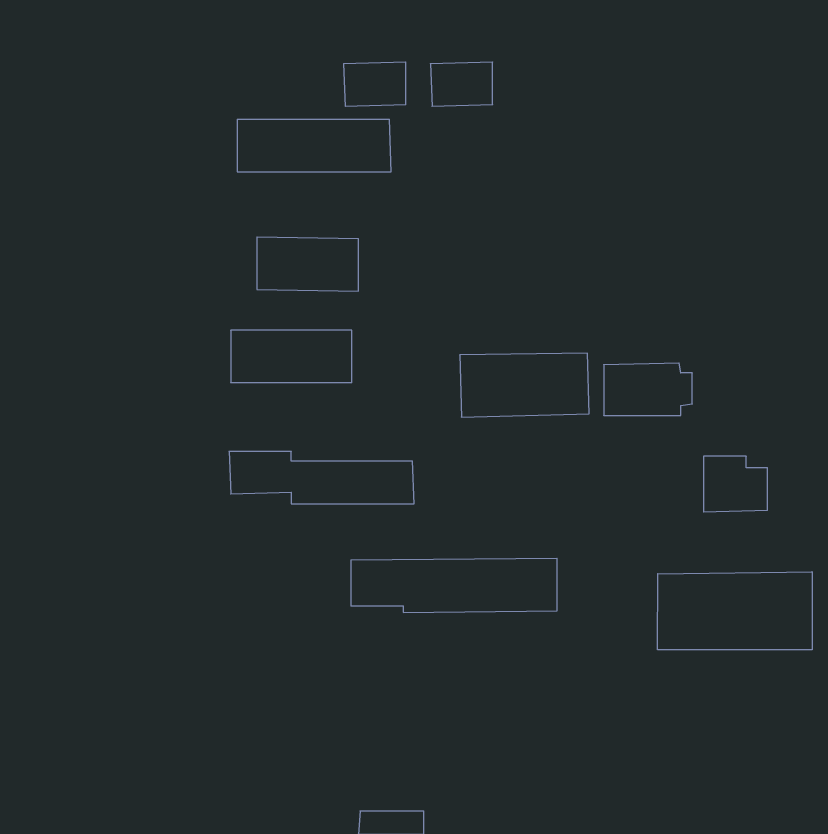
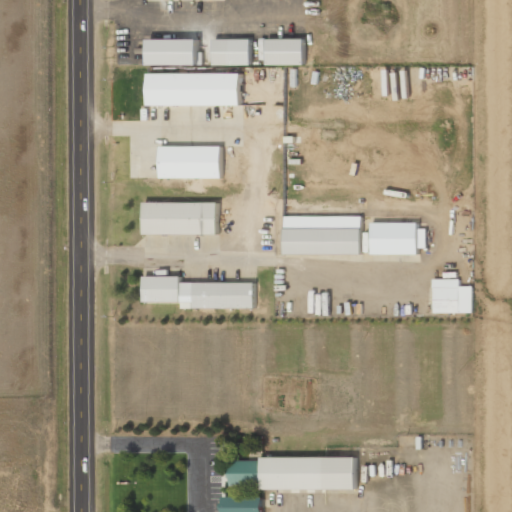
building: none -> [145,39,197,65]
building: [351,558,557,612] -> [227,457,353,490]
building: [658,572,812,650] -> none

